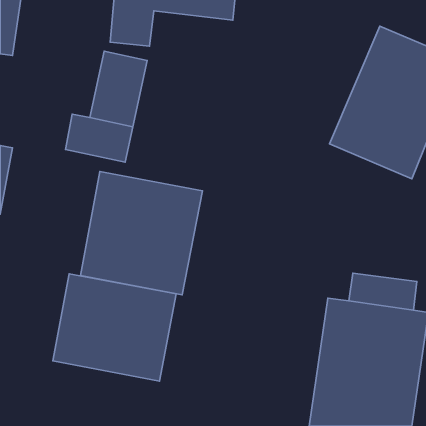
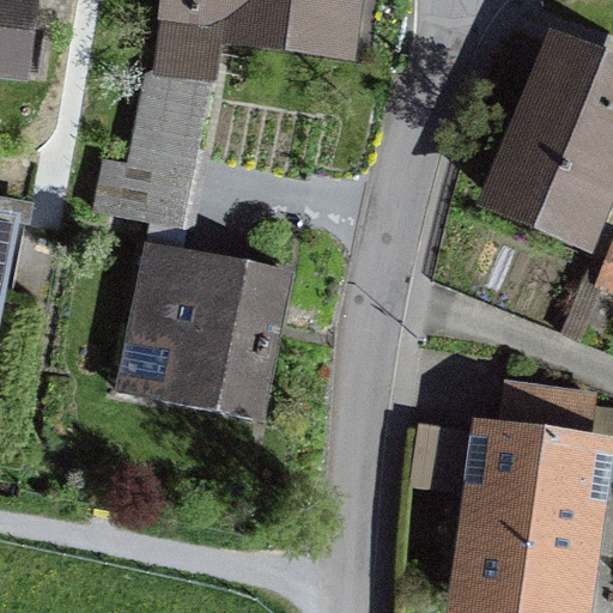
building: [53,274,176,381] -> none

